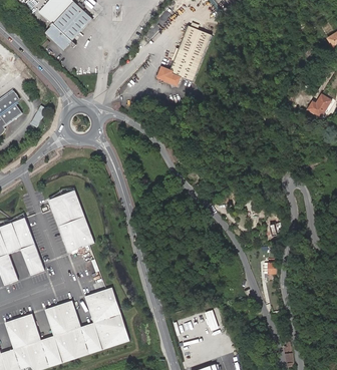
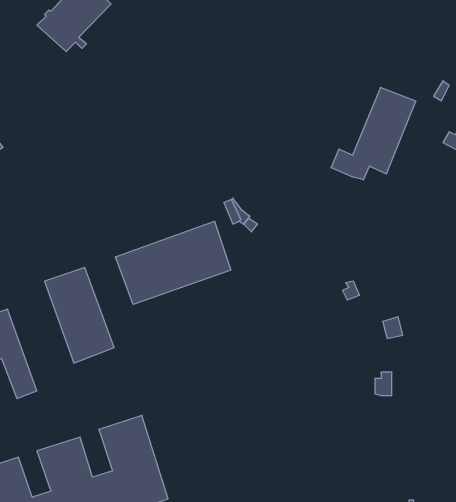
building: [155,26,211,86] -> [331,87,416,180]
building: none -> [115,221,231,304]

